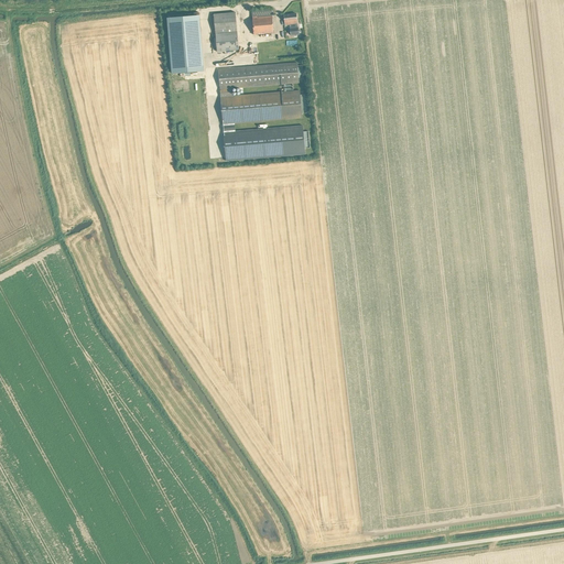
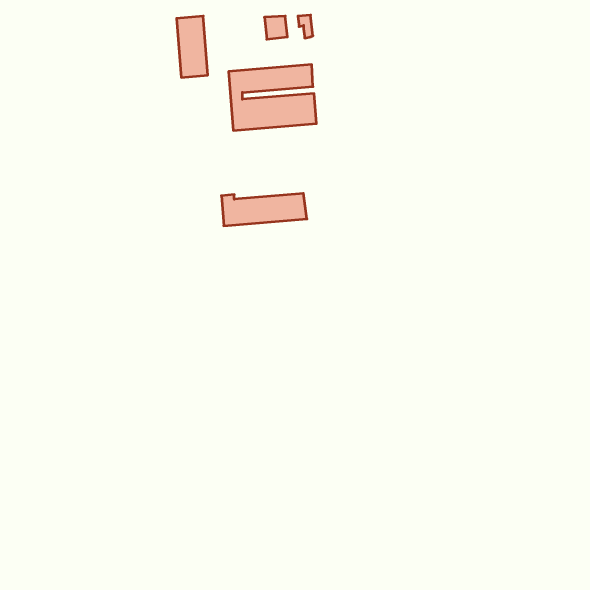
building: [214,12,239,52] -> none
building: [224,122,305,153] -> [221,193,307,226]

